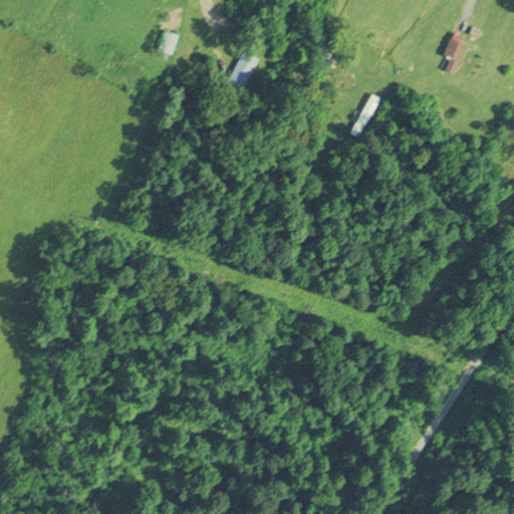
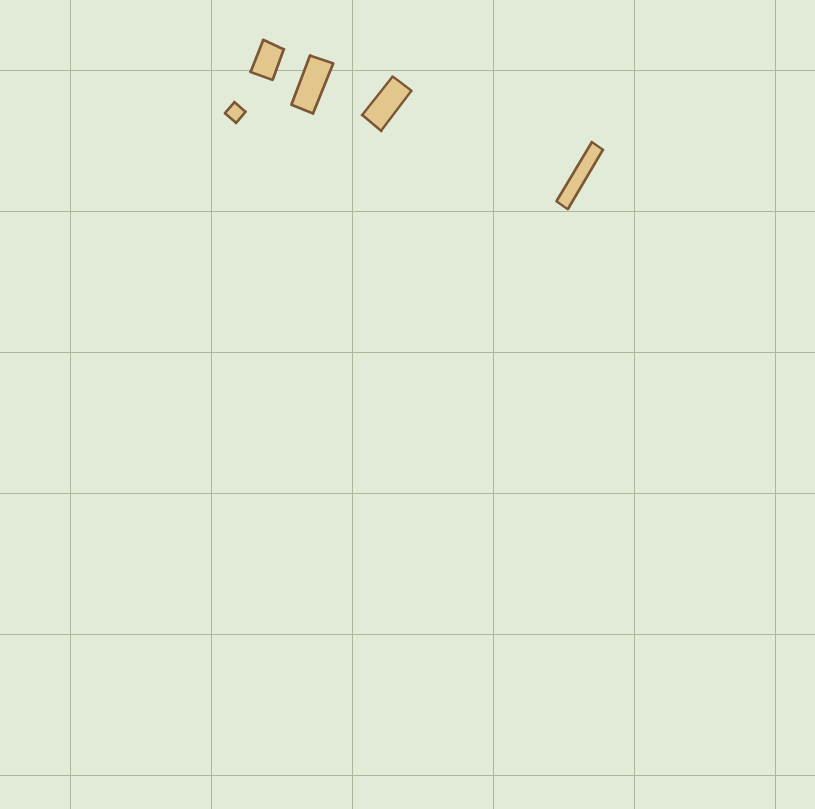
building: [441,37,468,73] -> none
building: none -> [292,55,333,114]

